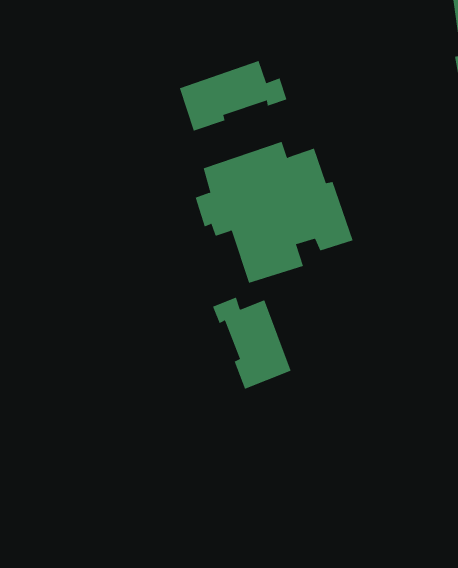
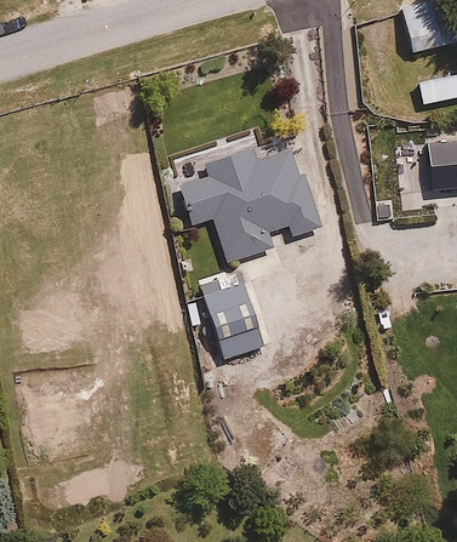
building: [179,60,287,132] -> none

